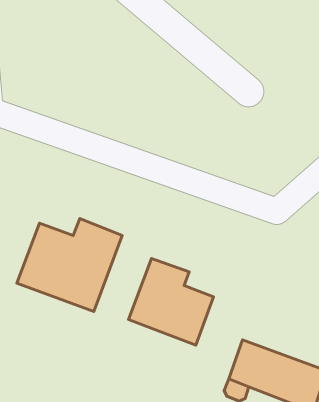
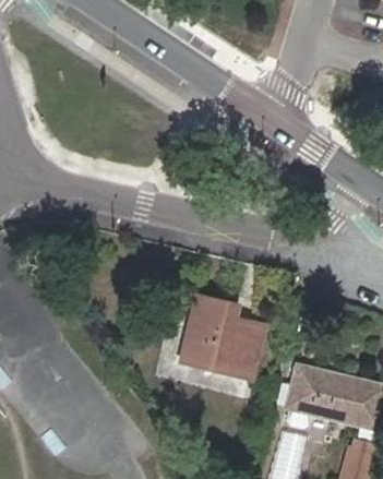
building: [17,219,122,311] -> none

